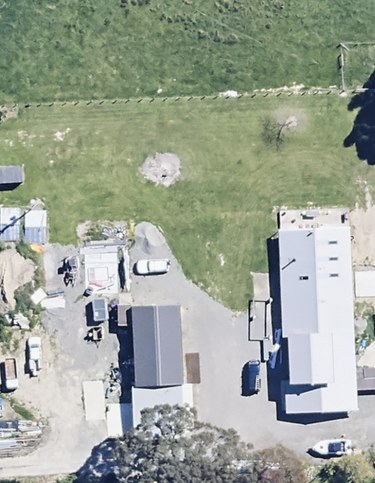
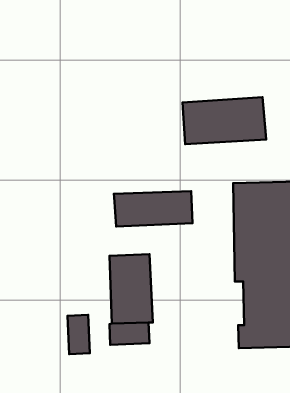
building: none -> [183,97,266,144]
building: none -> [114,191,192,227]

